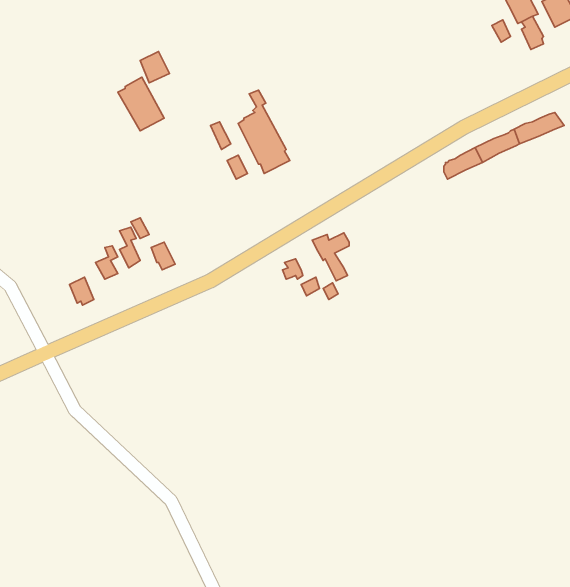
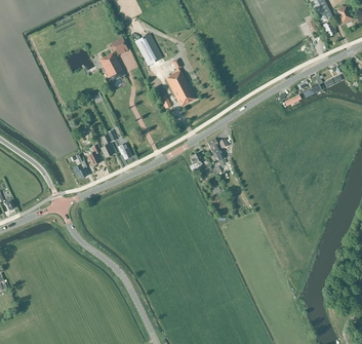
building: none -> [134,34,164,69]

